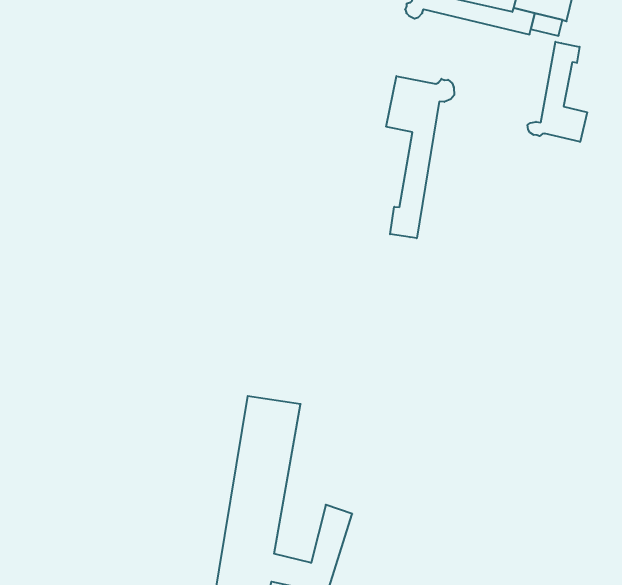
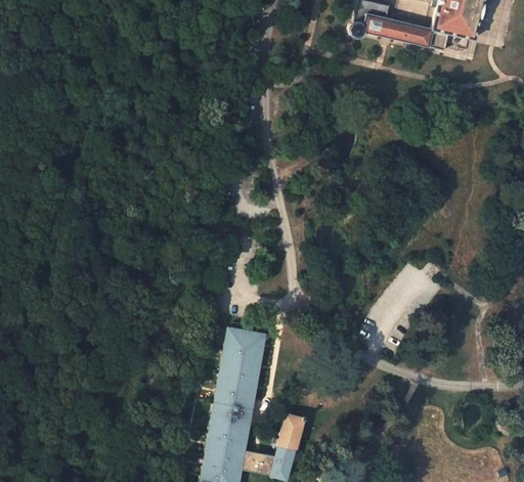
building: [528,42,587,142] -> none
building: [386,76,454,238] -> none

